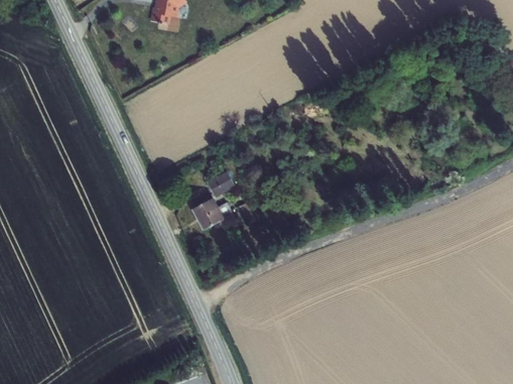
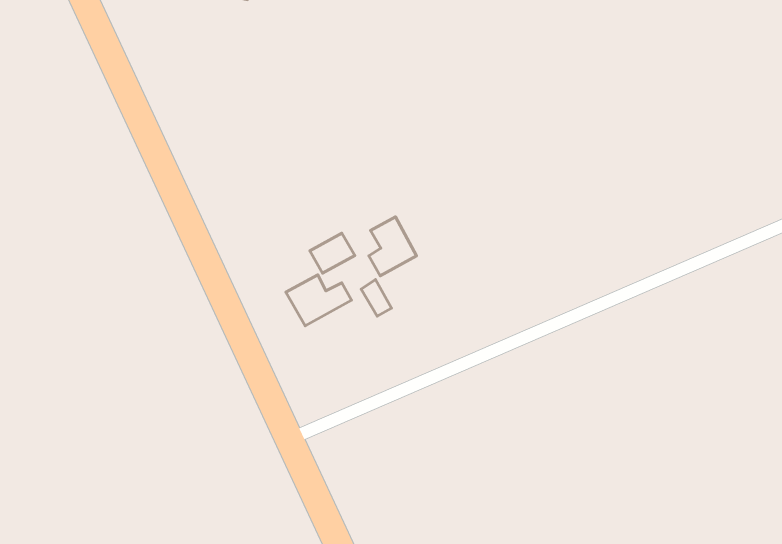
building: none -> [369,217,416,276]

